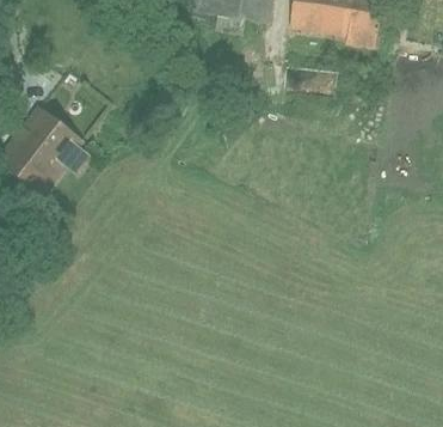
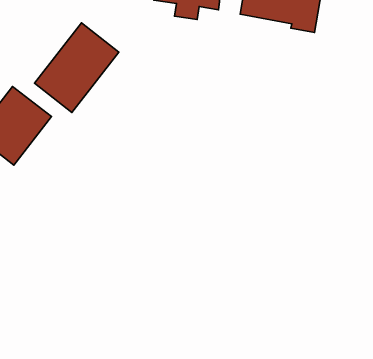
building: none -> [34,23,119,112]

